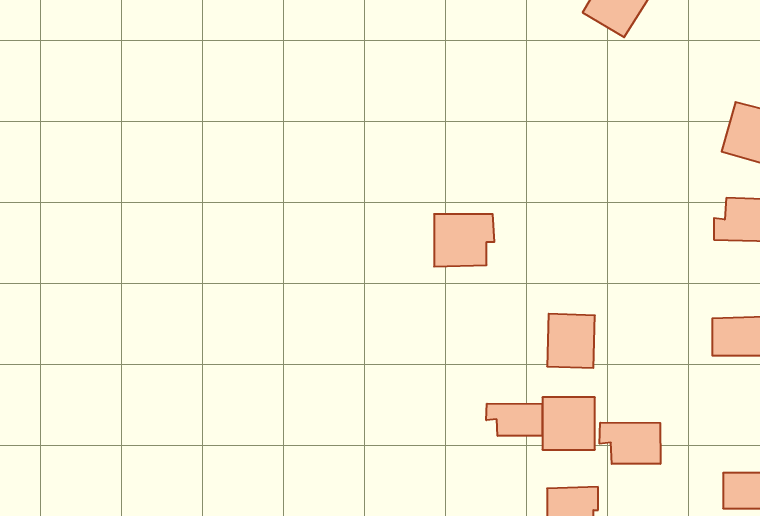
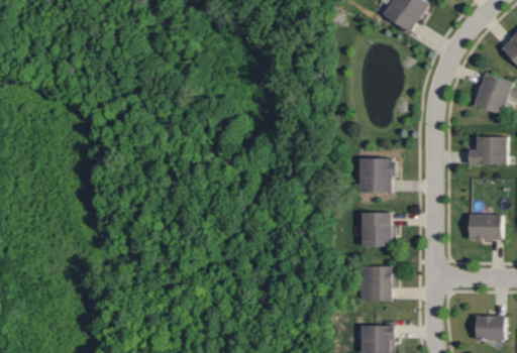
building: [434,214,494,267] -> [357,158,397,193]
building: [486,404,542,436] -> none
building: [600,423,660,464] -> none

